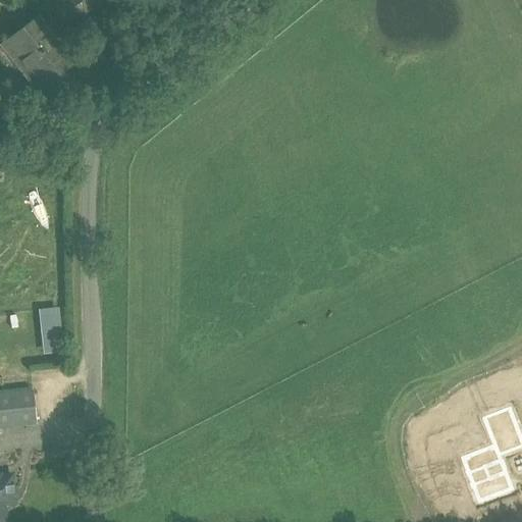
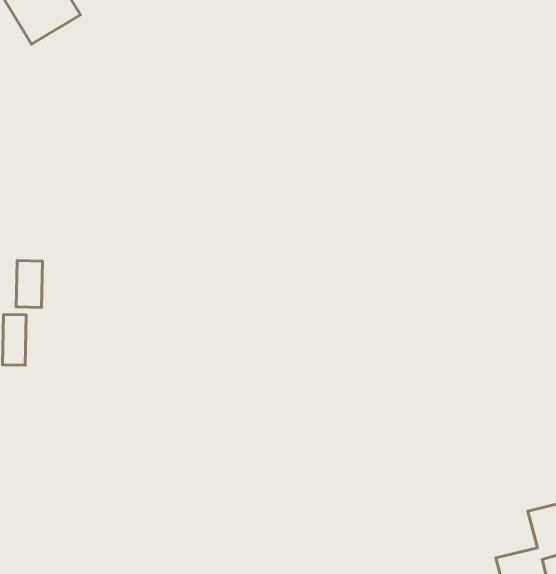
building: none -> [16,260,42,308]

